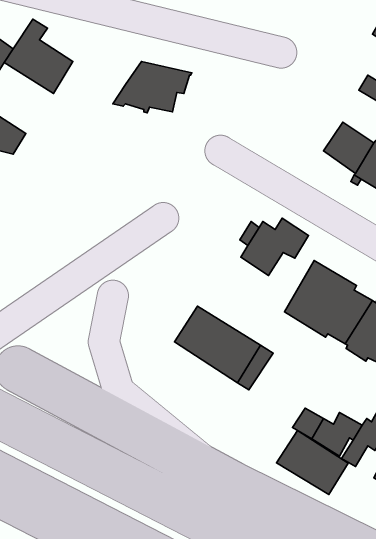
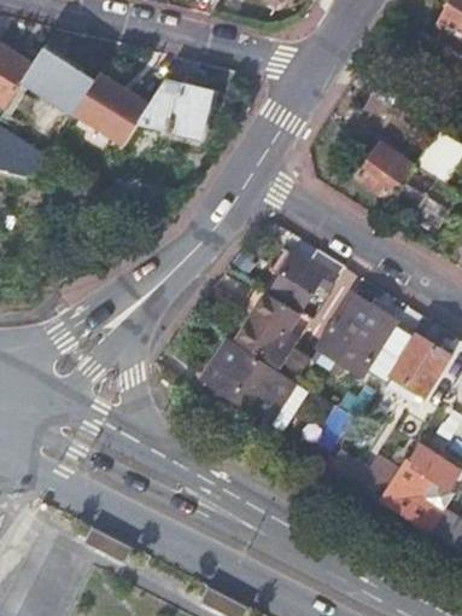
building: none -> [75,72,151,146]
building: none -> [238,292,303,367]
building: [276,431,348,495] -> none

